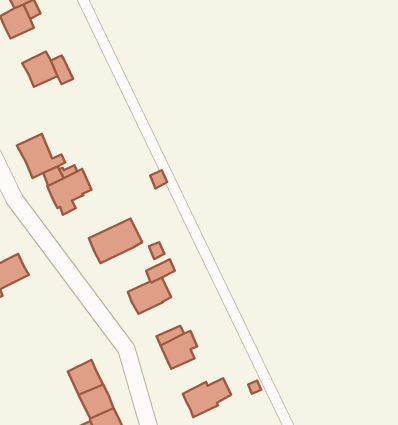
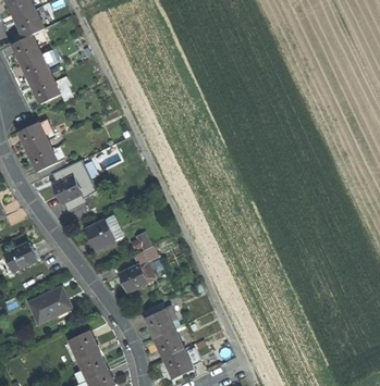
building: none -> [21,49,57,84]
building: none -> [17,120,53,152]
building: none -> [27,288,71,325]
building: none -> [155,329,184,359]

